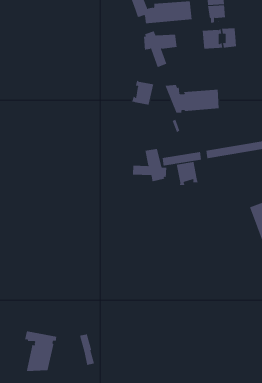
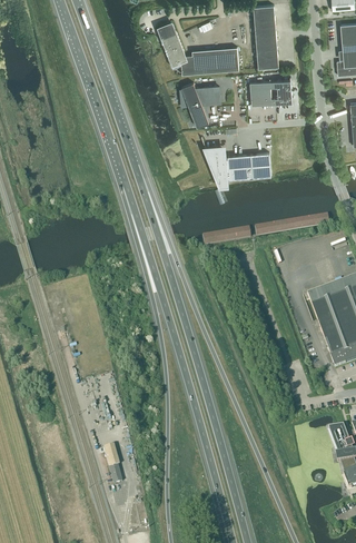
building: [132,80,154,105] -> none
building: [133,148,167,182] -> none
building: [176,161,199,186] -> none
building: [15,328,57,372] -> none

